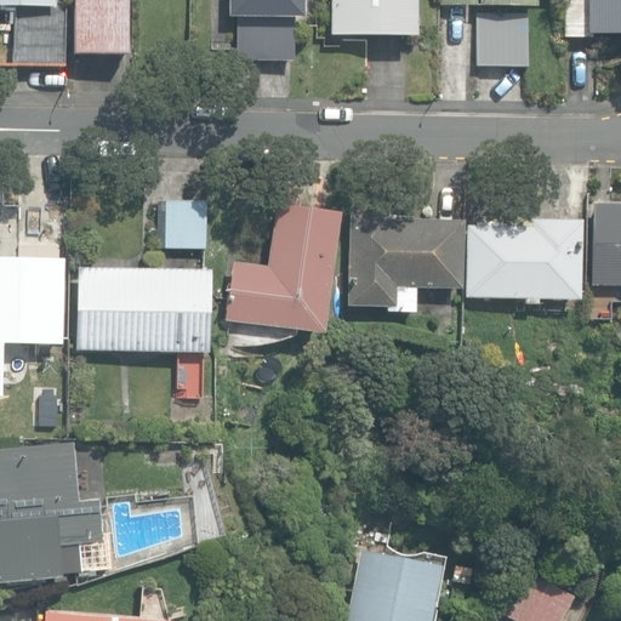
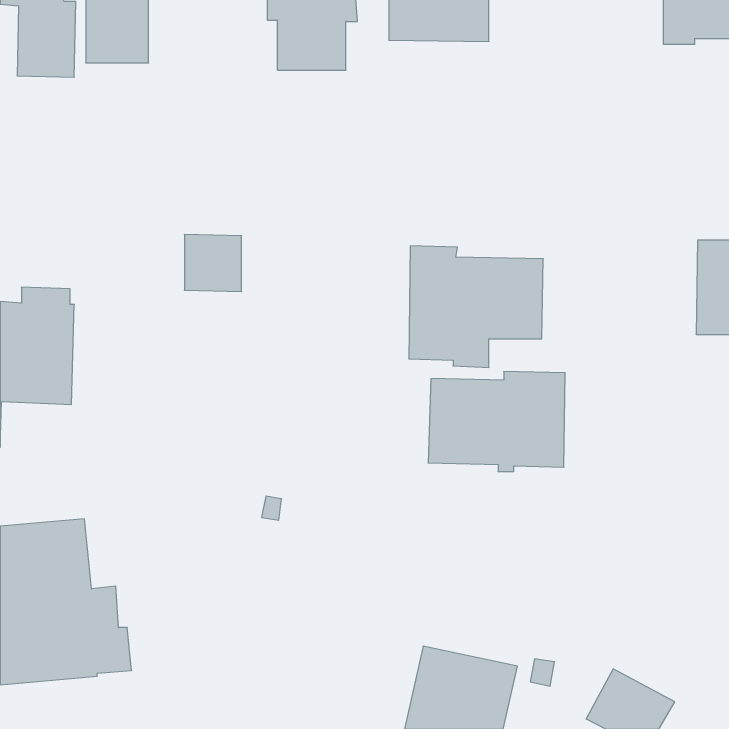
building: [477,12,529,65] -> none
building: [224,203,340,334] -> none
building: [465,218,581,303] -> [428,372,565,472]
building: [76,267,210,352] -> none

